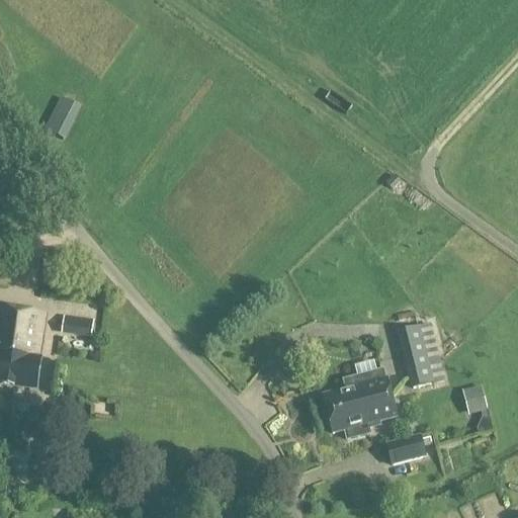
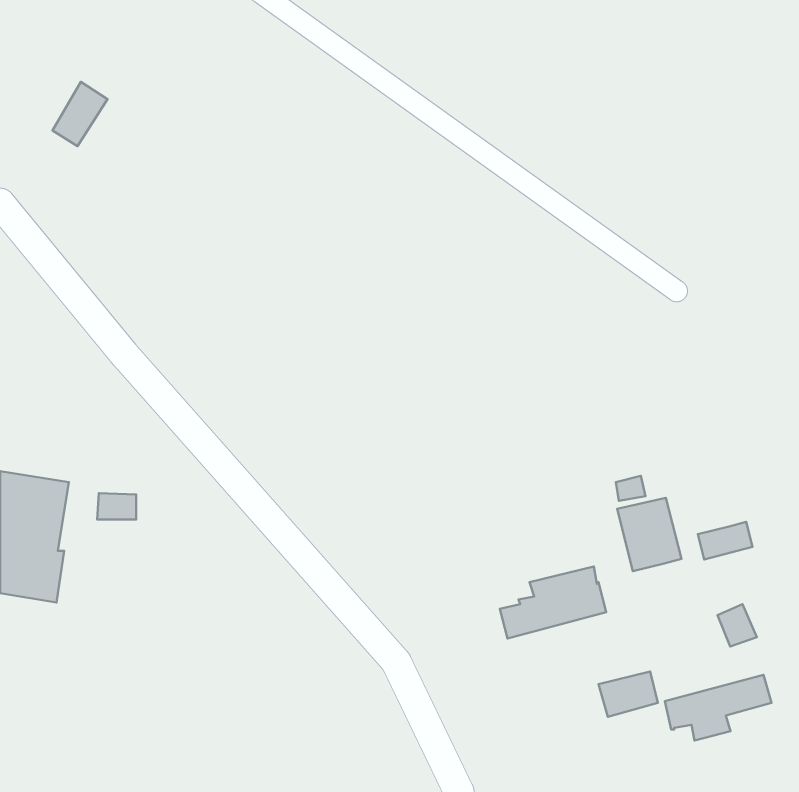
building: [44,93,79,135] -> [53,82,107,146]
building: [410,361,445,385] -> [698,522,753,559]
building: [329,396,398,438] -> [665,675,771,740]

